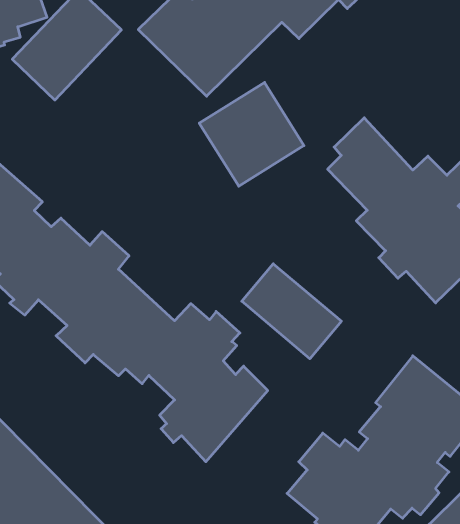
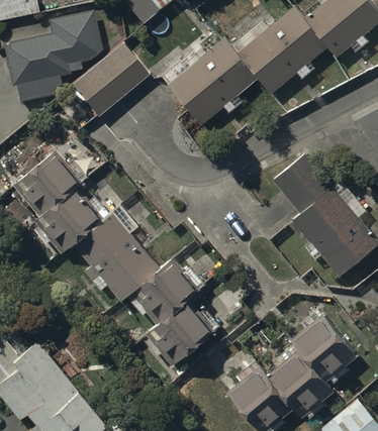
building: [199,82,304,186] -> none
building: [242,264,341,359] -> none

